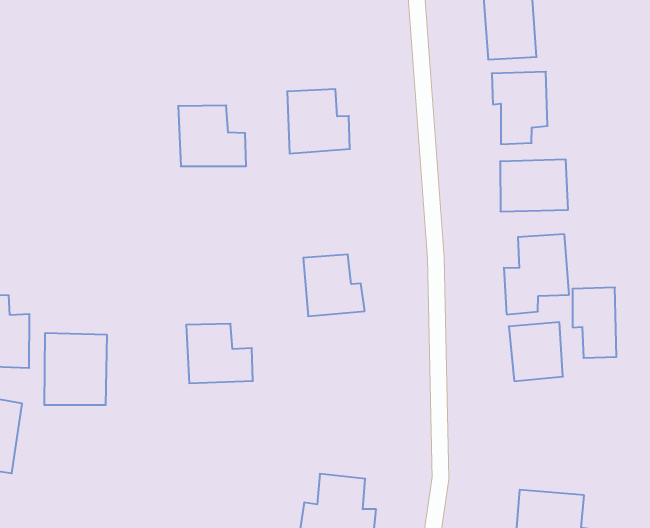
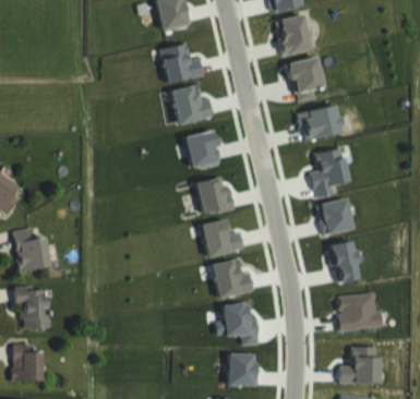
building: [178,105,246,166] -> [160,44,204,82]
building: none -> [184,130,220,168]
building: [572,287,616,358] -> [328,240,359,282]
building: [186,324,253,383] -> [201,219,243,256]
building: [45,333,107,405] -> none
building: none -> [212,257,253,298]

